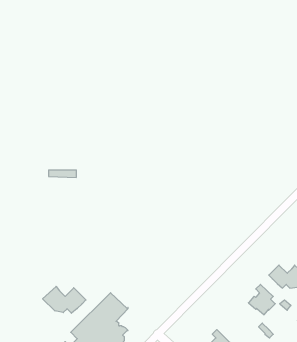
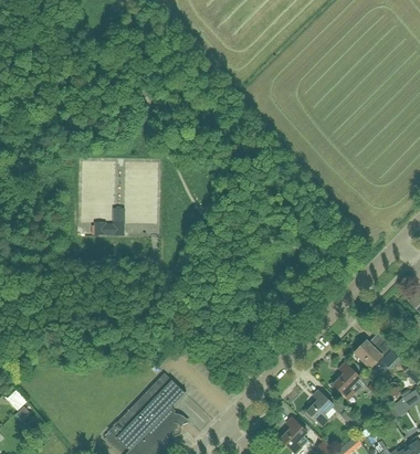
building: [43,286,86,313] -> none
building: none -> [303,390,334,427]

